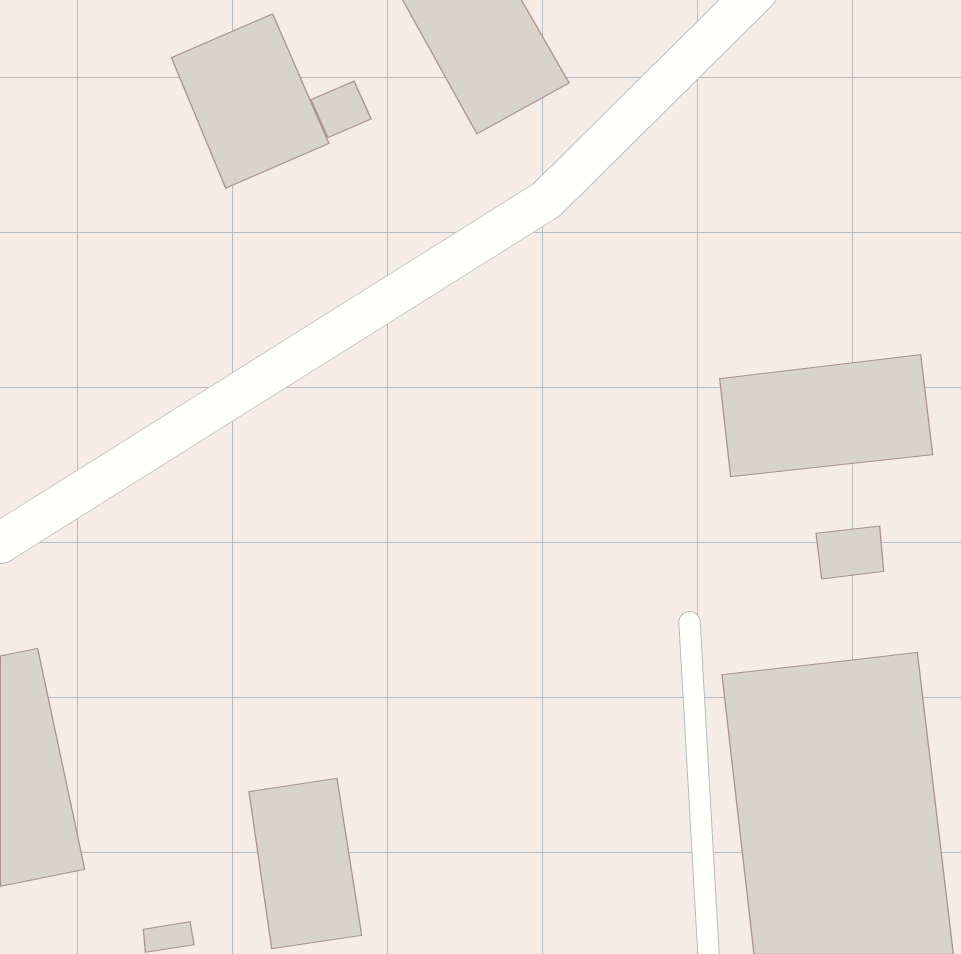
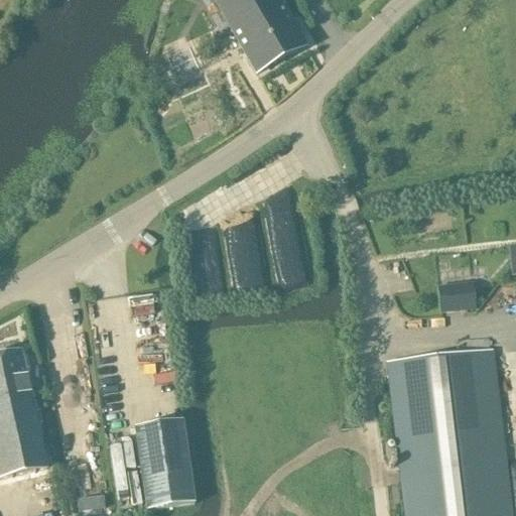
building: [171,14,329,188] -> none
building: [720,355,932,477] -> none

